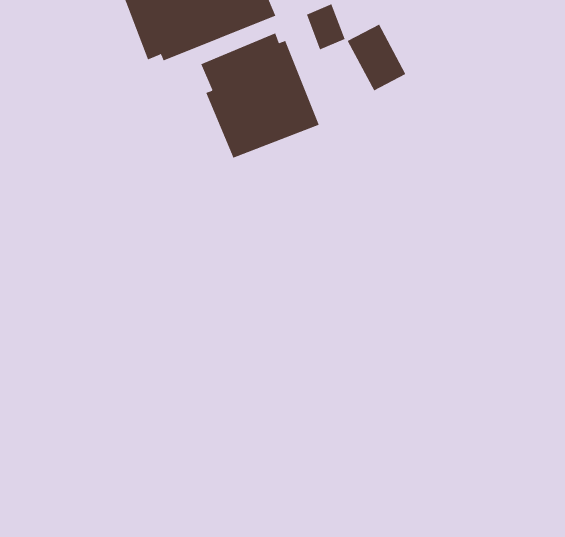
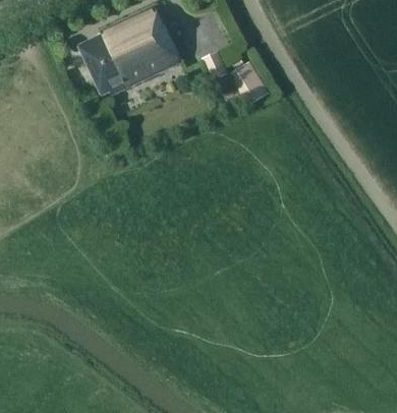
building: [201,32,320,159] -> none

